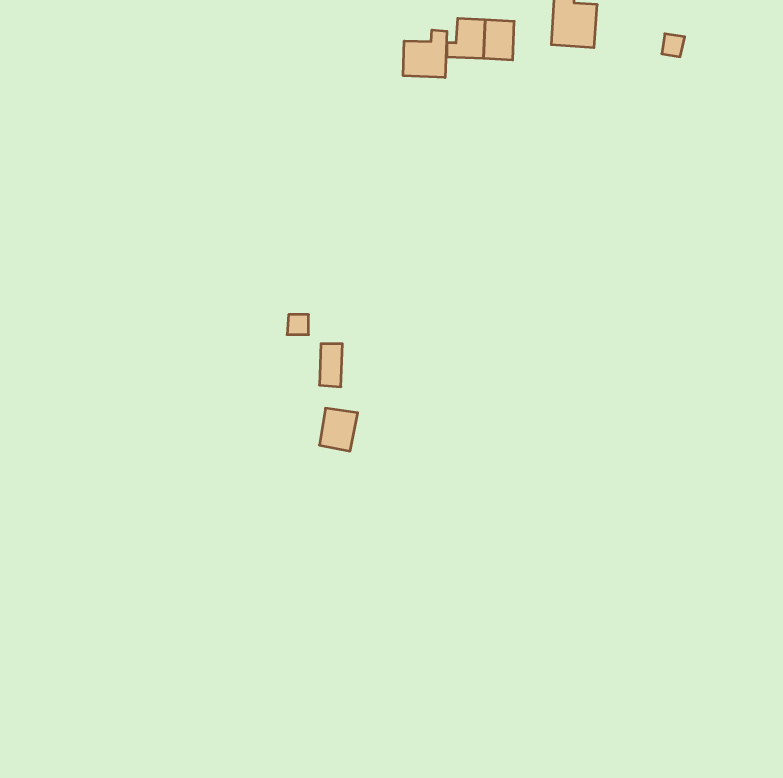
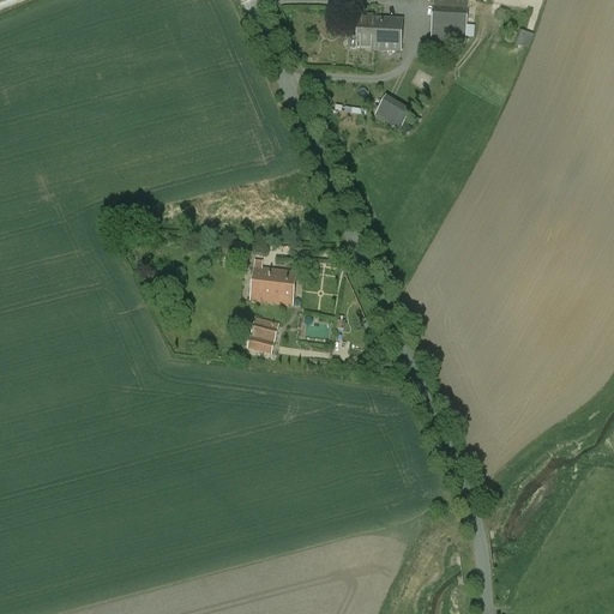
building: [403,30,447,78] -> none
building: none -> [373,92,410,127]
building: none -> [266,269,293,303]

